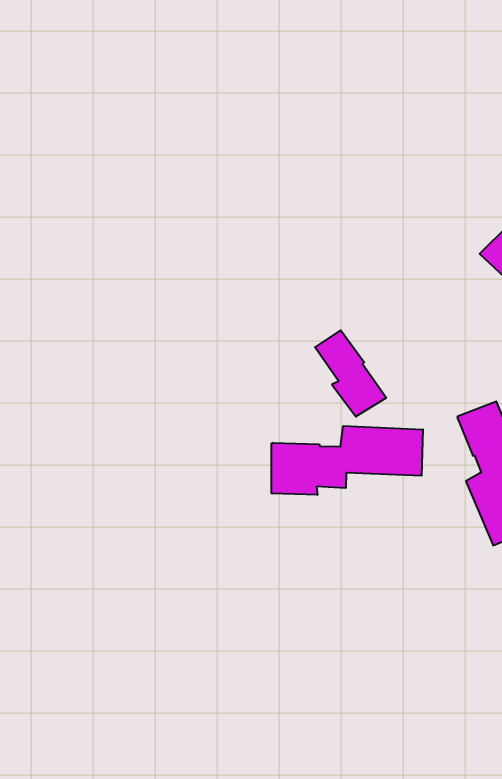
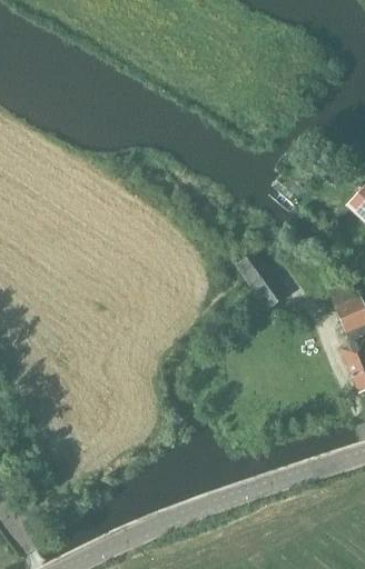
building: [271,426,423,495] -> none

